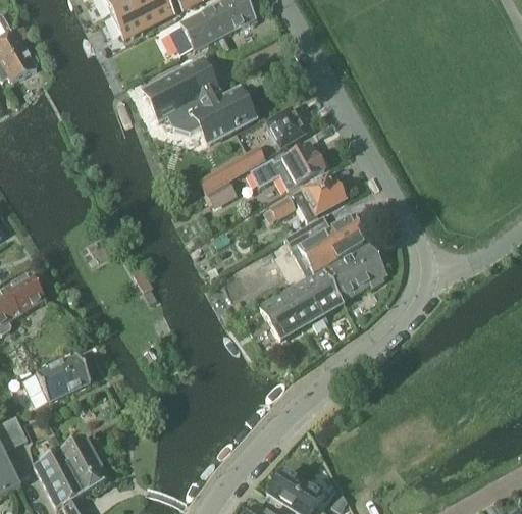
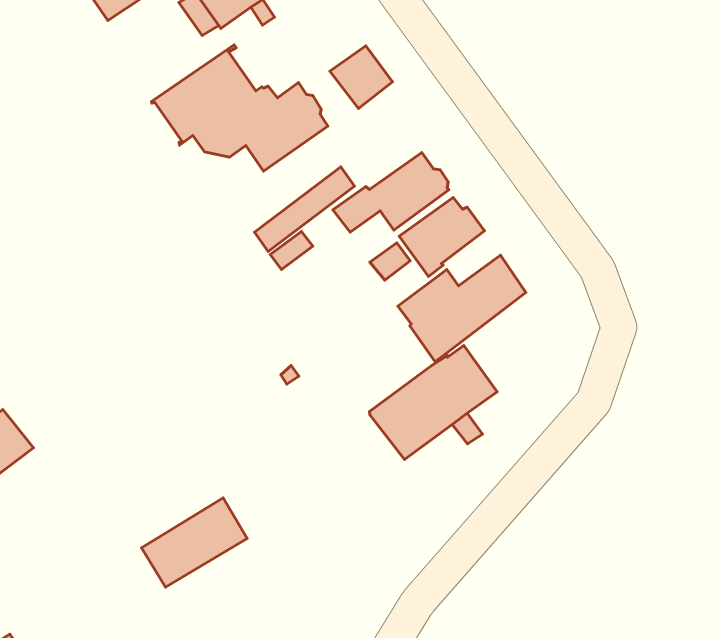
building: [266,109,305,148] -> [330,46,393,108]
building: [323,243,386,299] -> none
building: [23,356,91,408] -> [141,498,247,587]

